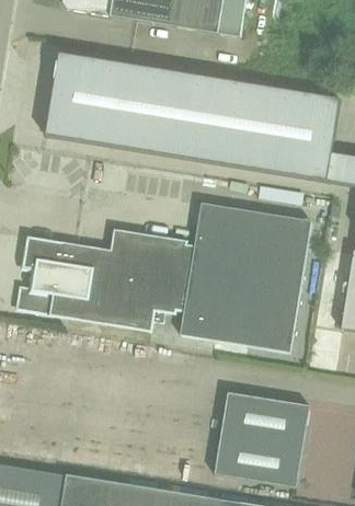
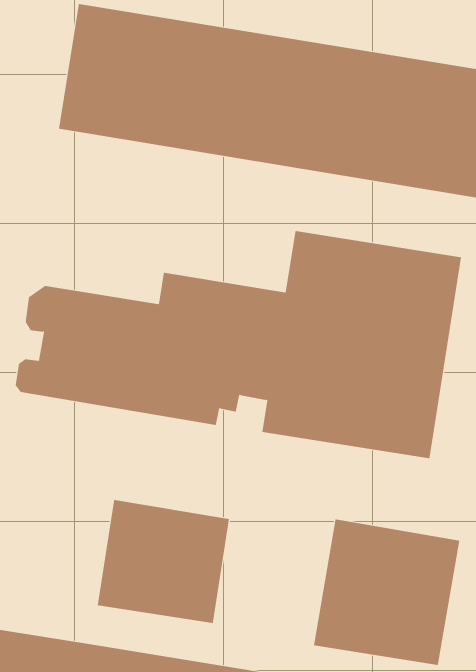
building: none -> [97,499,230,624]

